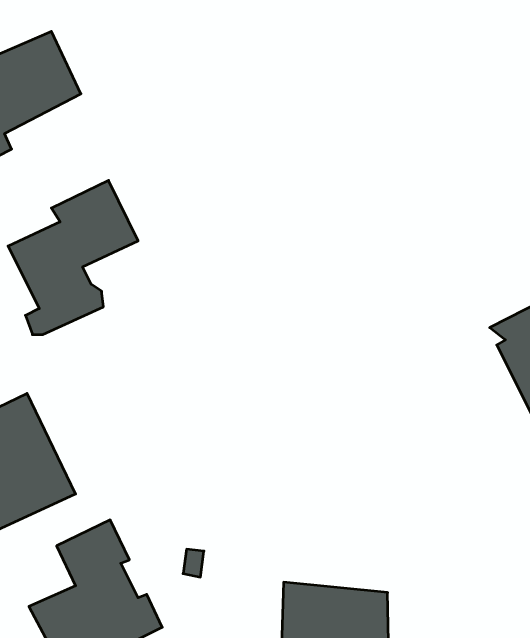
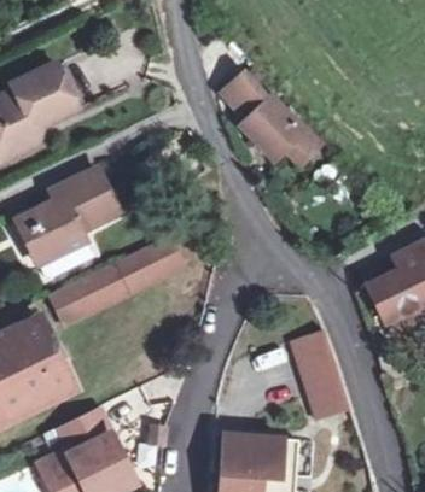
building: none -> [222,71,319,163]
building: none -> [46,232,192,323]
building: none -> [292,329,350,420]

